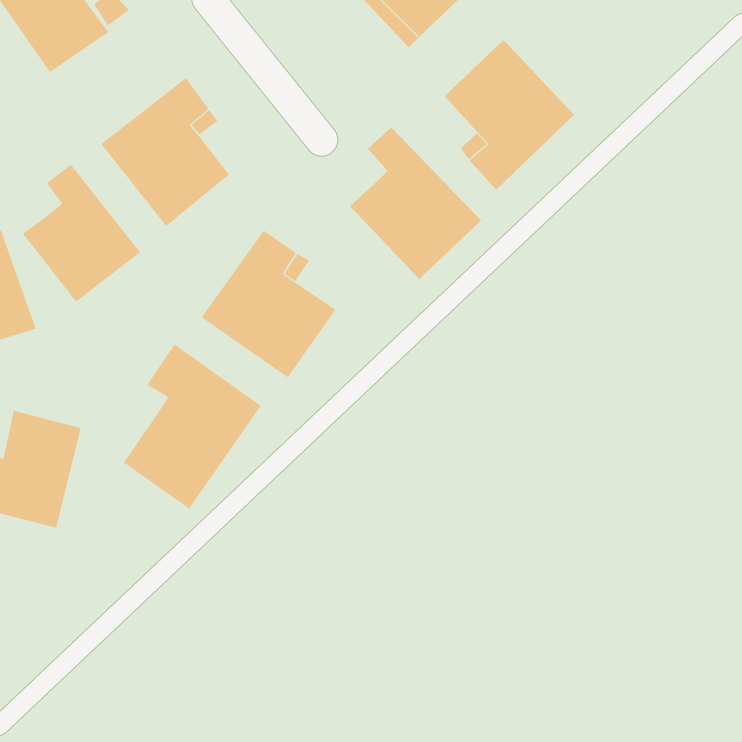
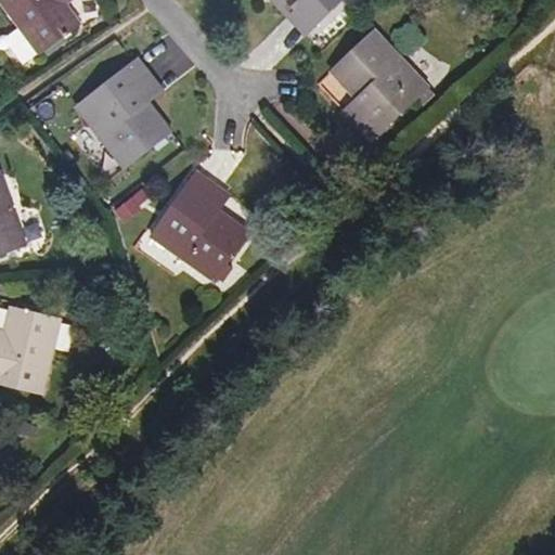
building: [349,126,482,280] -> none
building: [22,164,141,303] -> none
building: [123,343,262,509] -> none

